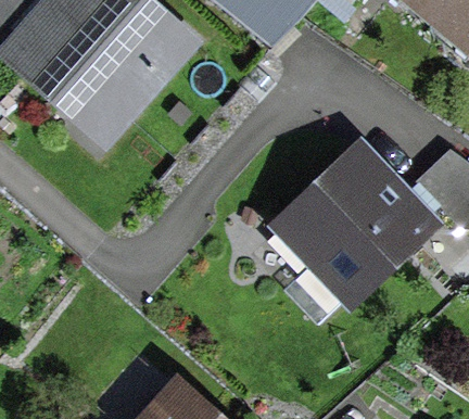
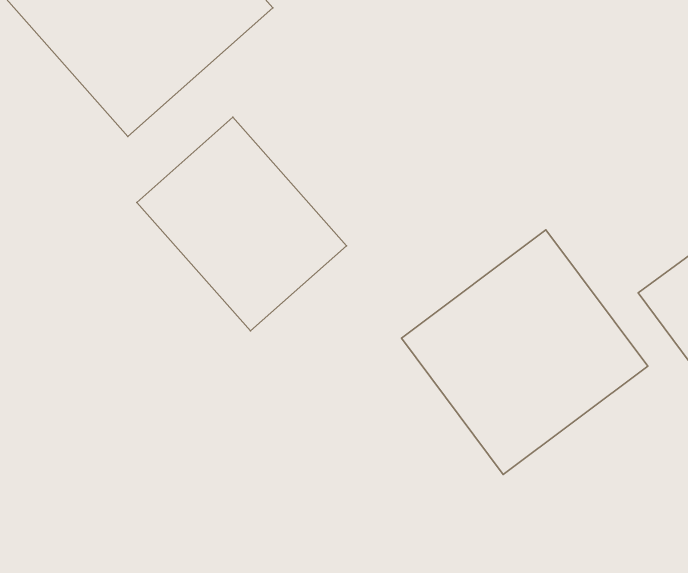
building: none -> [137,117,347,331]

